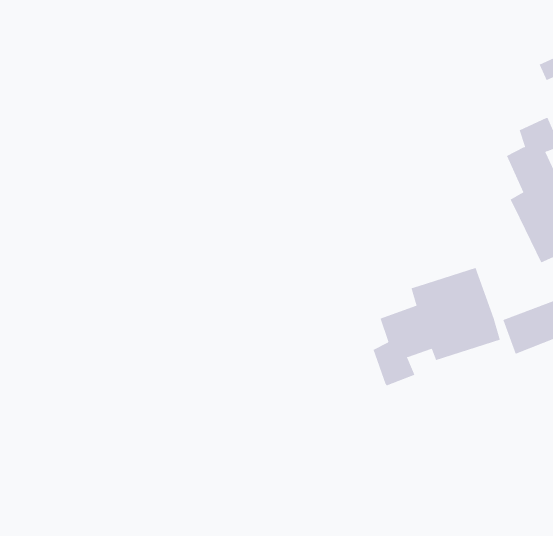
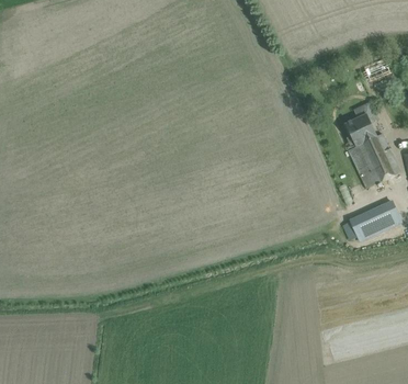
building: [373,267,501,386] -> none

